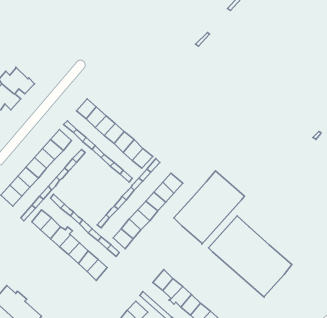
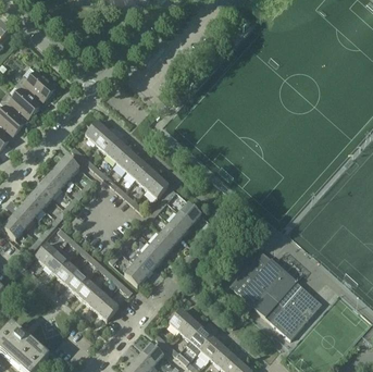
building: none -> [15,67,55,101]
building: [174,171,245,244] -> none

